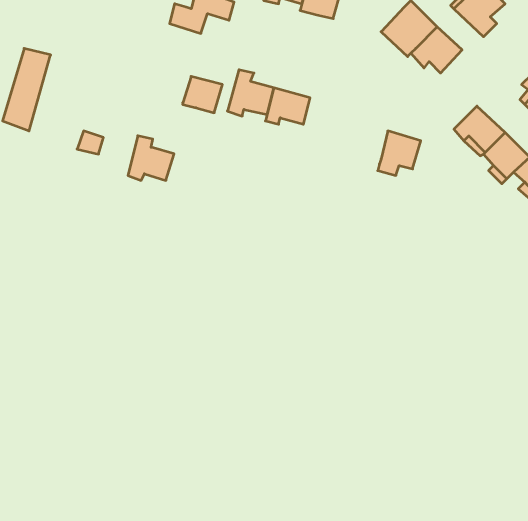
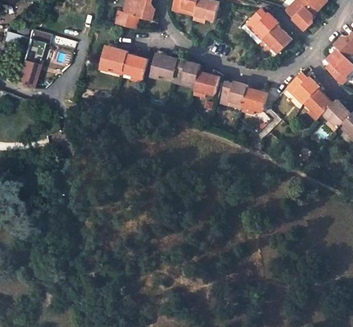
building: none -> [194,71,219,94]
building: none -> [220,82,247,104]
building: [128,136,174,180] -> [100,43,128,70]

